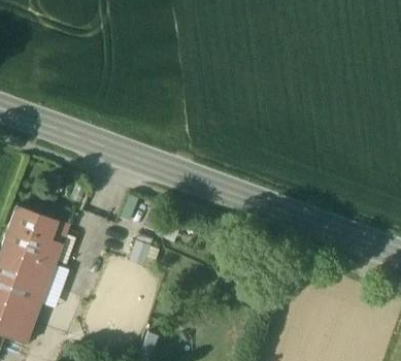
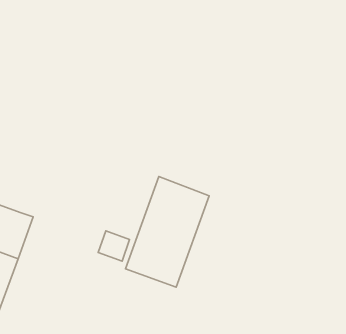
building: none -> [125,177,209,287]

